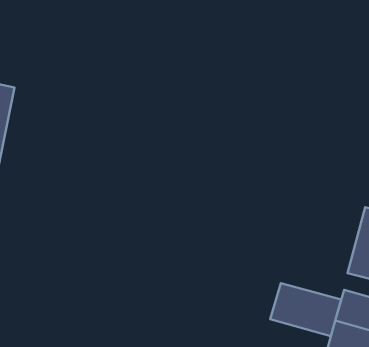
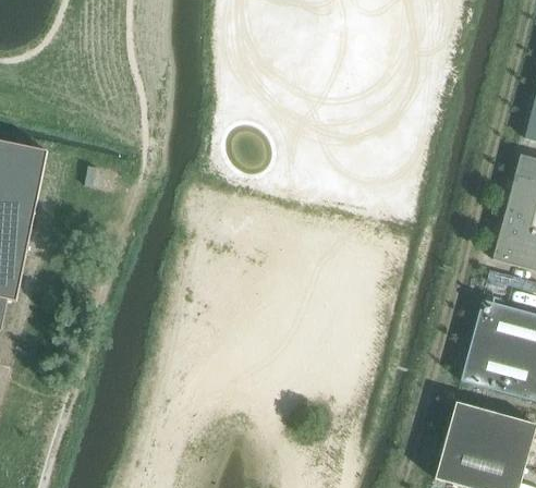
building: [270,283,341,336] -> none

